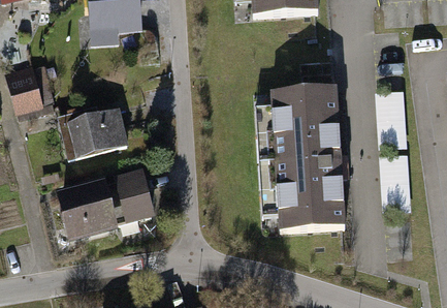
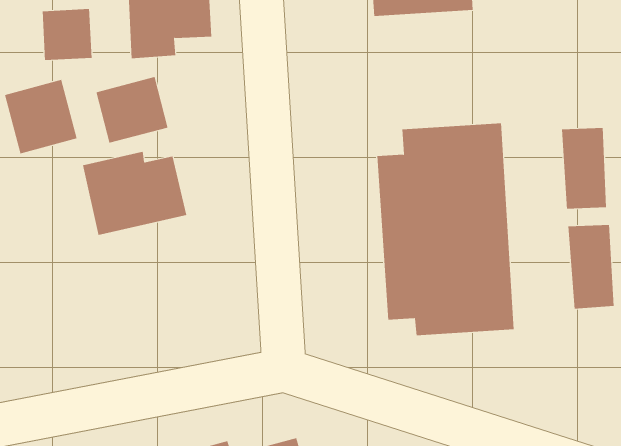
building: none -> [42,8,92,61]
building: none -> [96,76,168,144]
building: [55,172,154,244] -> none

